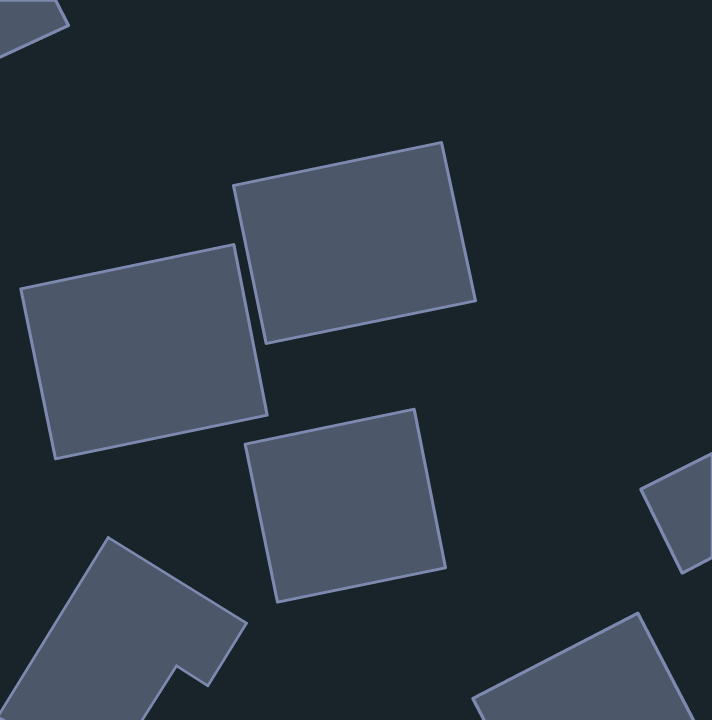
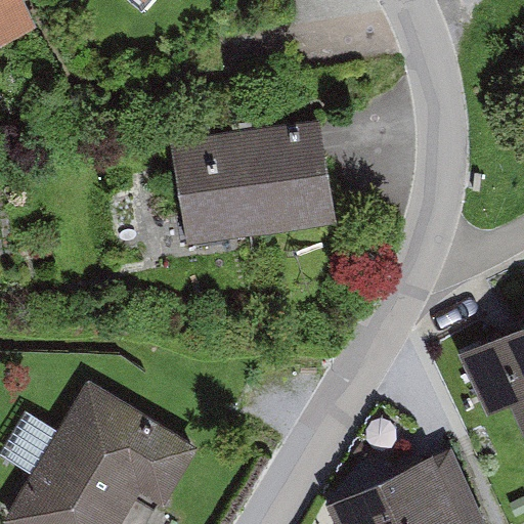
building: [21,245,267,459] -> none
building: [245,409,445,602] -> none

